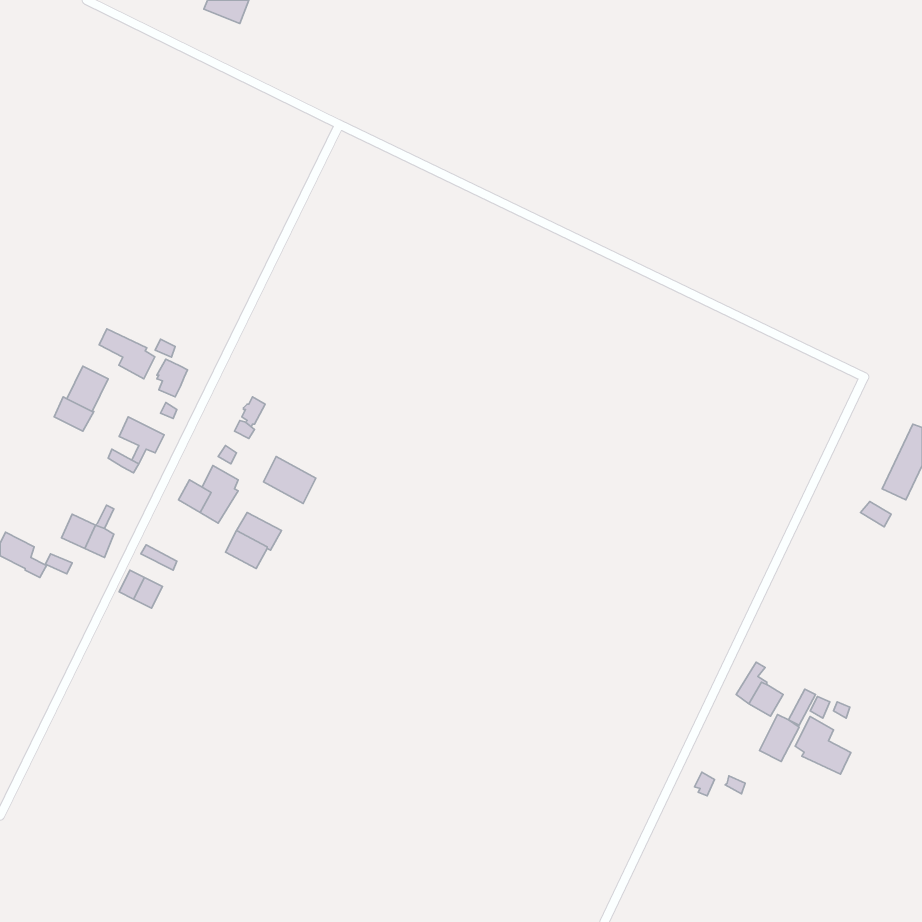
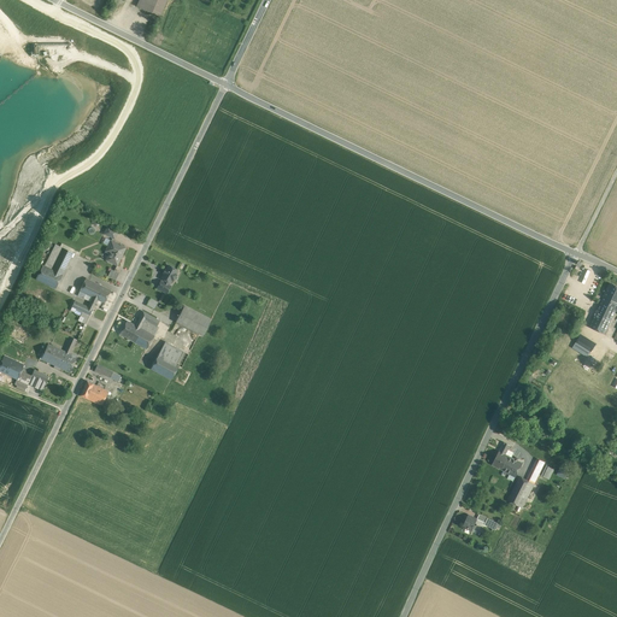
building: [99,329,155,379] -> none
building: [795,716,851,774] -> none

